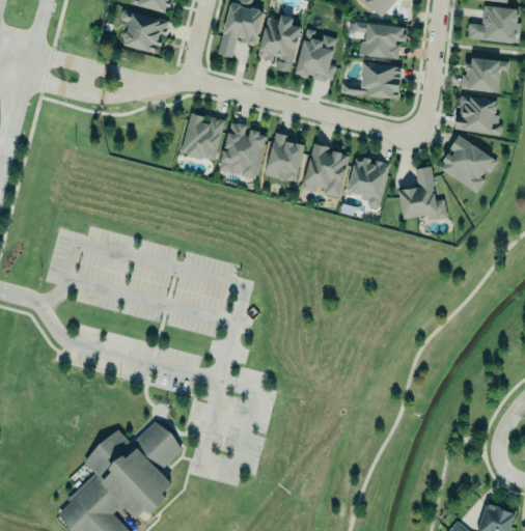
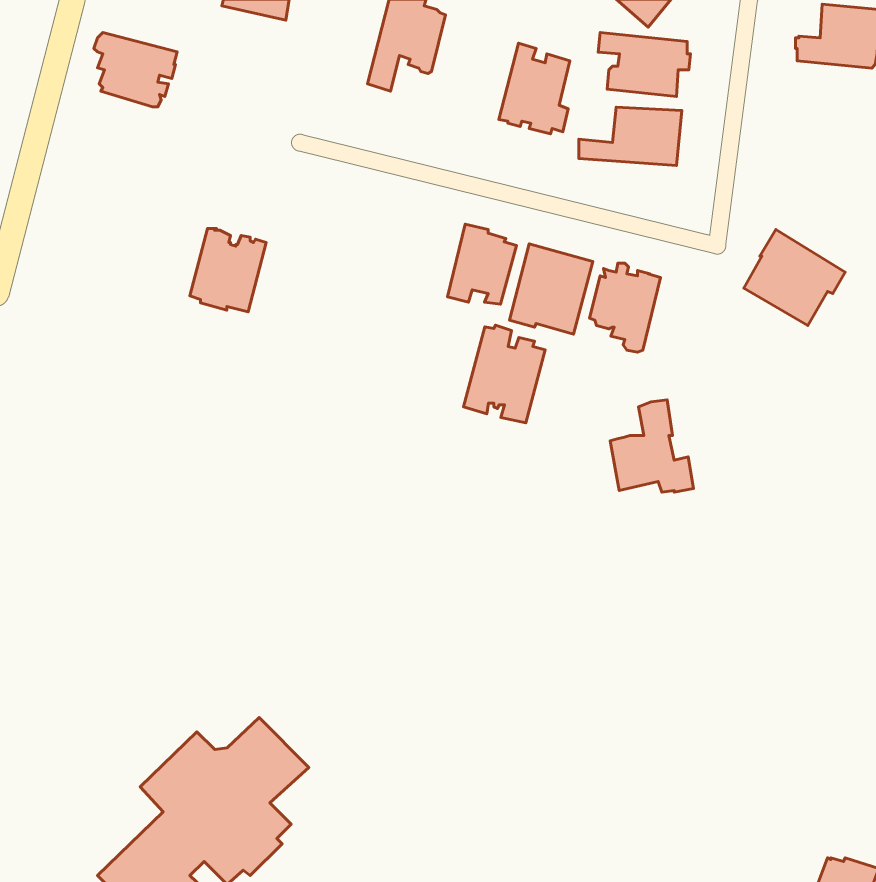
building: [120,9,169,53] -> [94,32,177,107]
building: [258,17,299,74] -> none
building: [461,57,509,92] -> none
building: [454,95,502,136] -> none
building: [181,112,225,161] -> [190,228,266,312]
building: [219,121,267,178] -> [464,325,545,423]
building: [398,166,447,220] -> [610,400,694,492]

